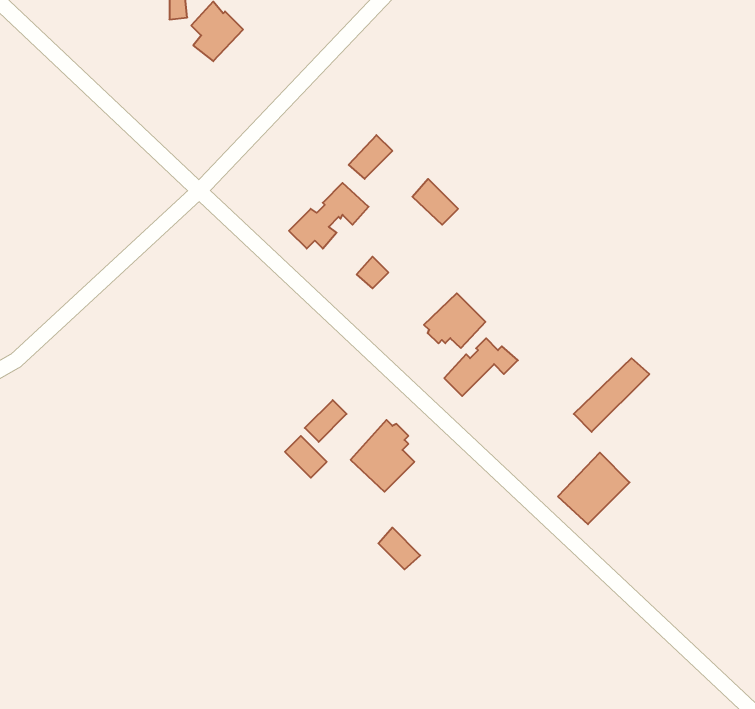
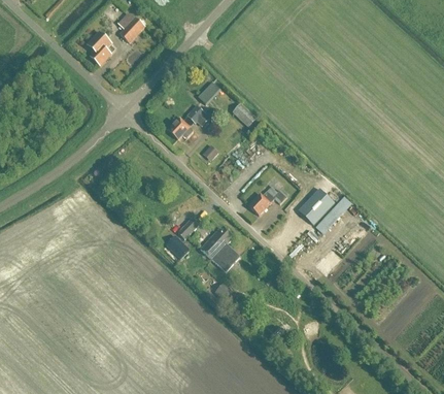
building: none -> [86,30,114,65]
building: [424,293,485,348] -> none
building: [558,453,630,524] -> [298,188,335,225]

